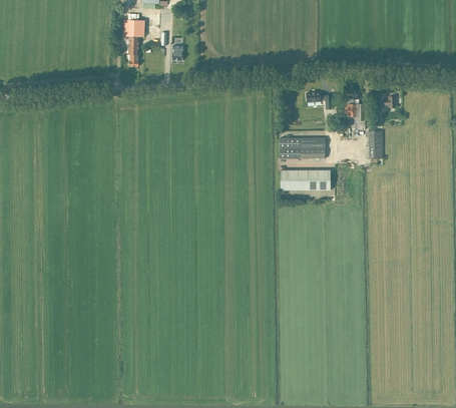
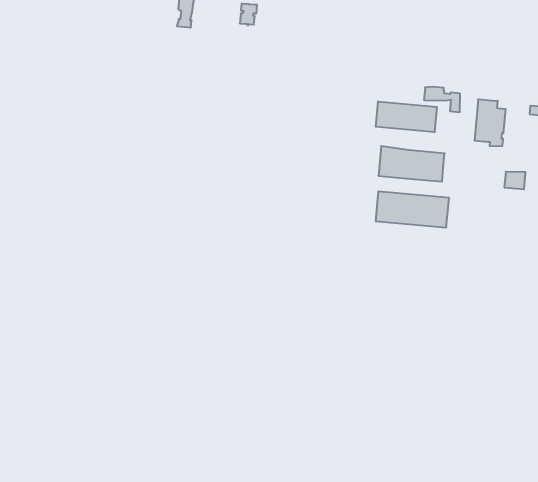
building: none -> [376,101,437,132]

